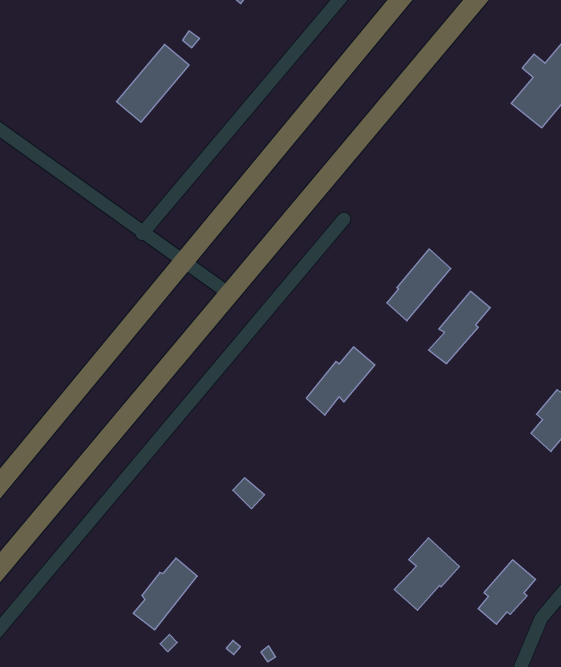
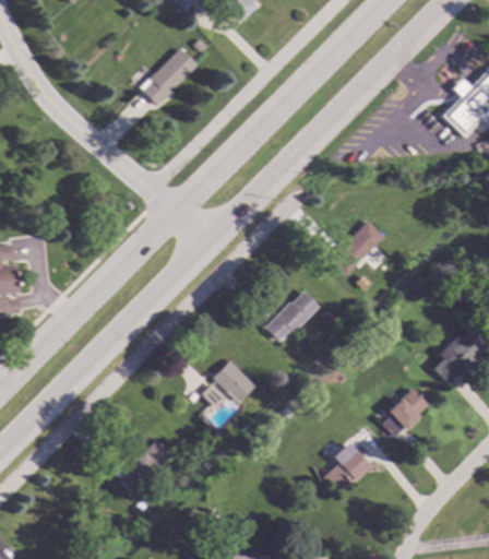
building: [428,291,490,364] -> none
building: none -> [214,360,255,402]
building: [478,560,536,624] -> [383,388,429,436]

